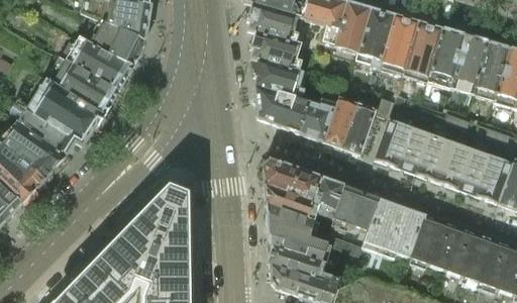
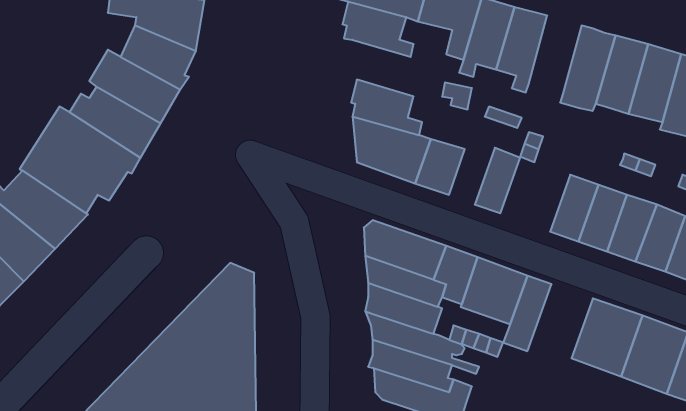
building: [381,13,418,75] -> none
building: [251,30,302,71] -> none
building: [324,101,356,147] -> none
building: [376,119,410,167] -> none
building: [380,204,426,258] -> none

